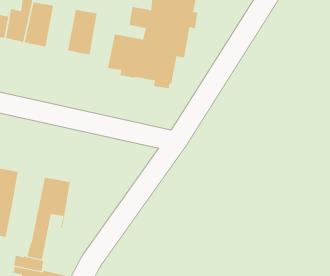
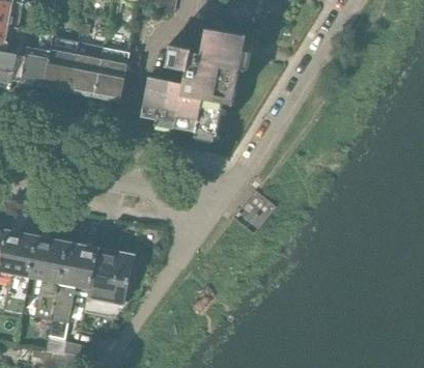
building: none -> [68,40,103,94]
building: none -> [29,236,66,319]
building: none -> [88,247,136,309]

